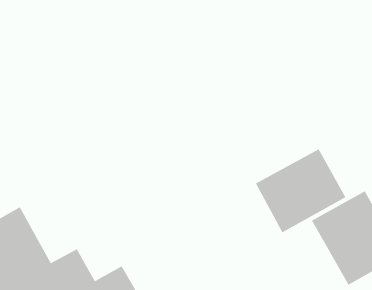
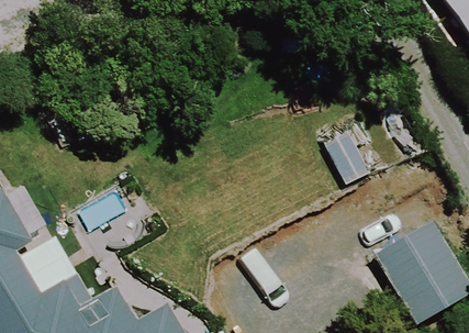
building: [255,148,346,233] -> none

